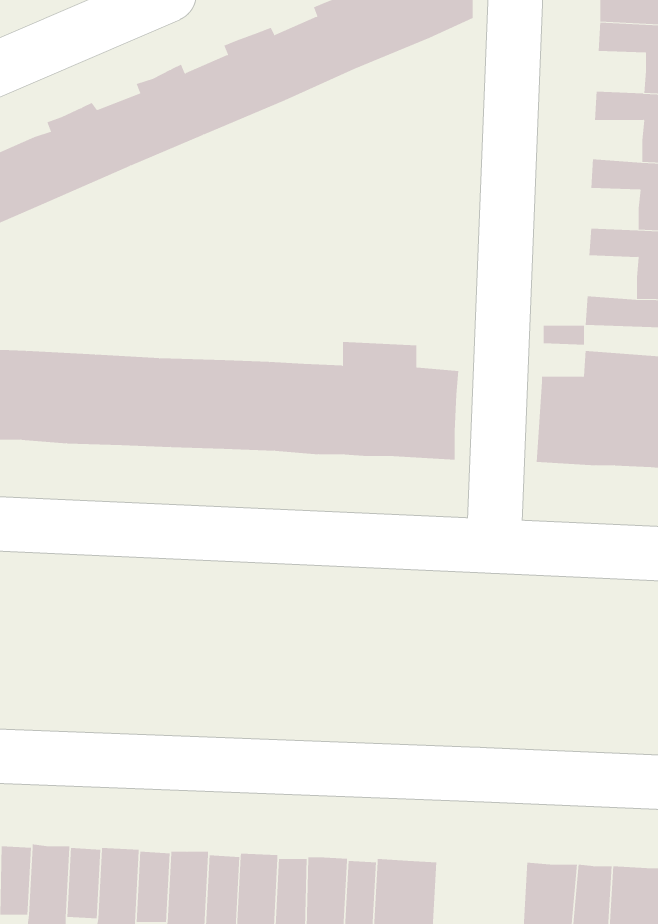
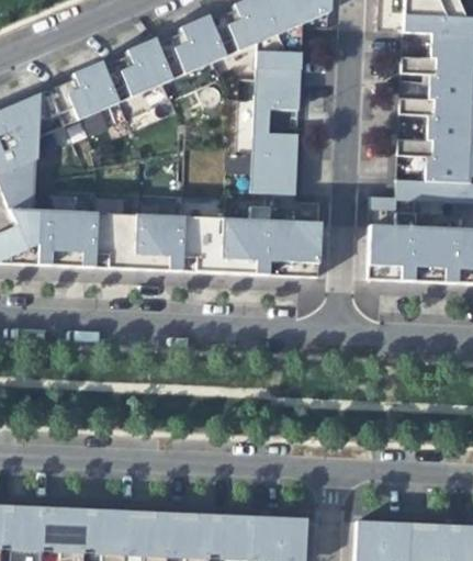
building: none -> [251,11,329,193]

